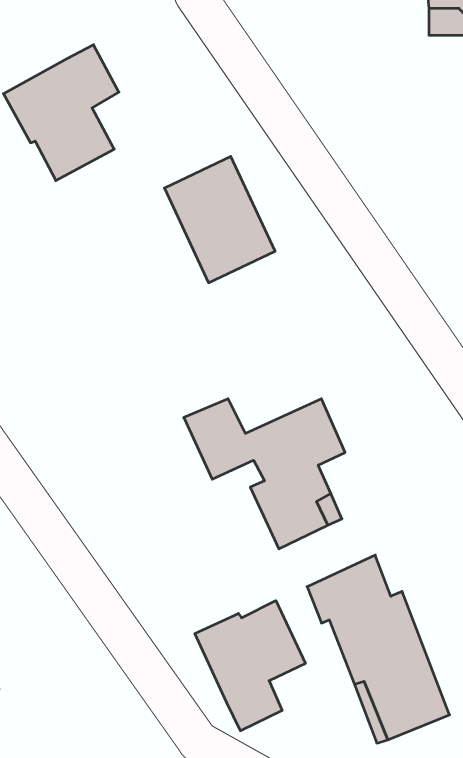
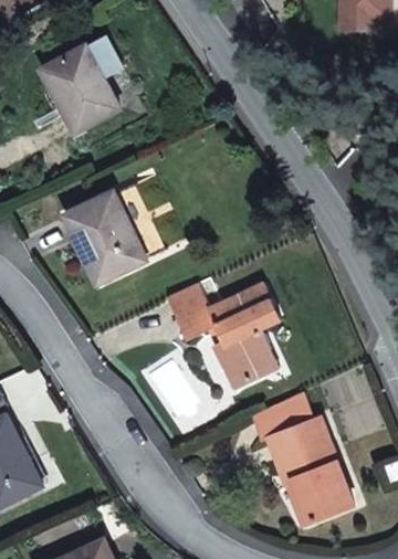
building: [164,156,275,283] -> [66,193,144,282]
building: [195,601,305,731] -> none

